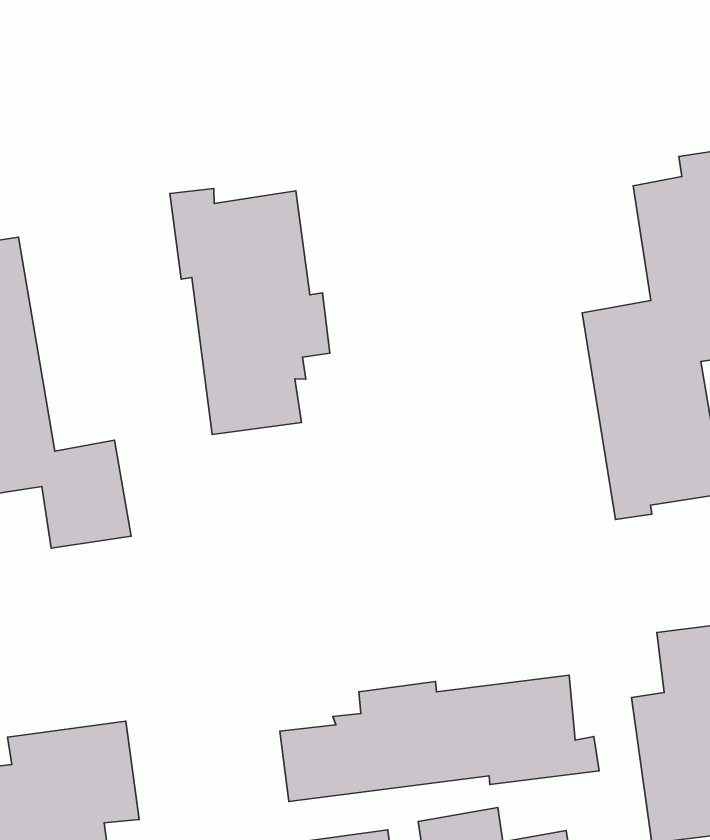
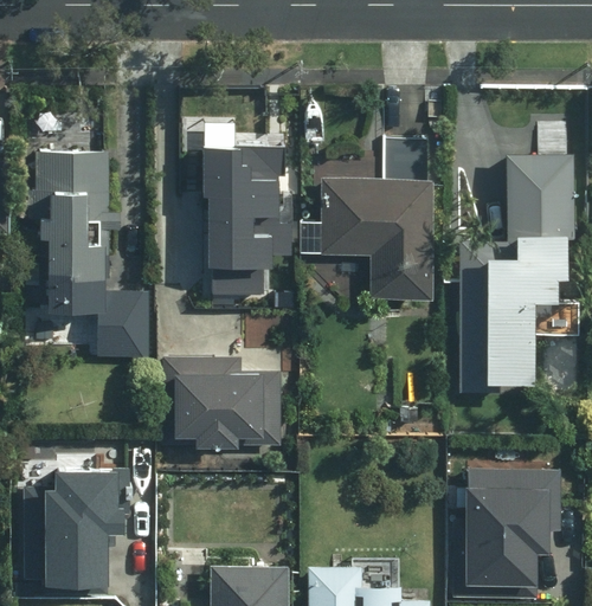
building: none -> [321,140,432,298]
building: none -> [160,356,283,447]
building: [280,675,599,802] -> none

